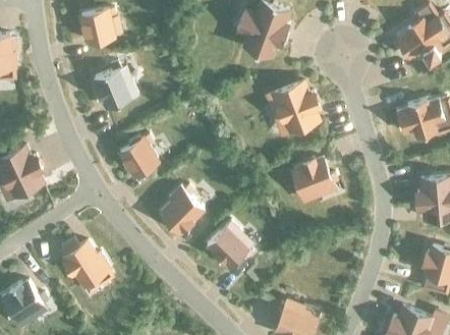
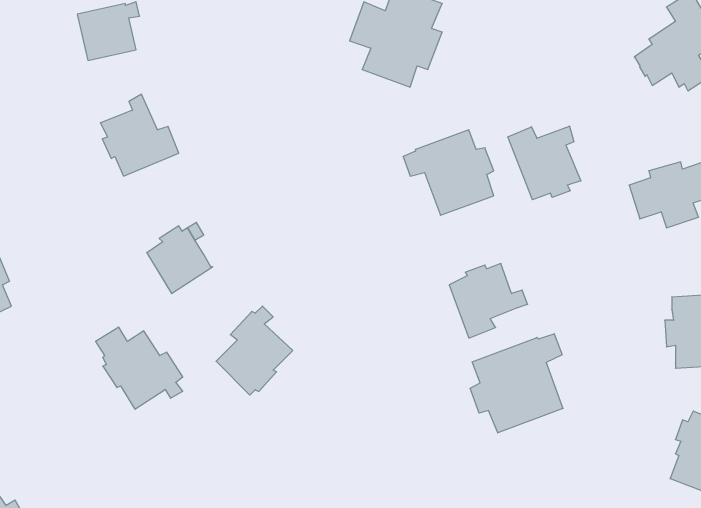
building: none -> [508,126,581,200]
building: none -> [470,334,563,433]
building: [207,222,254,270] -> none
building: [61,240,111,287] -> [96,327,183,409]

